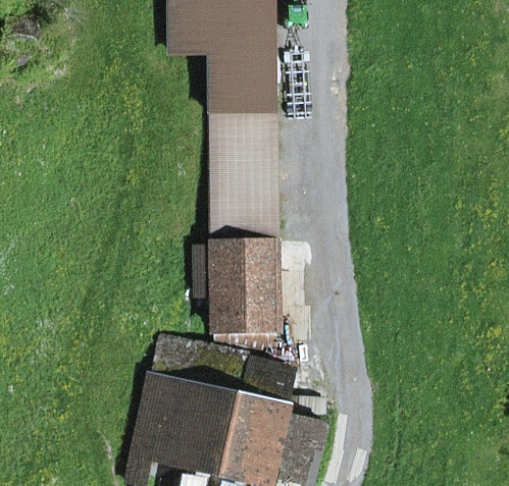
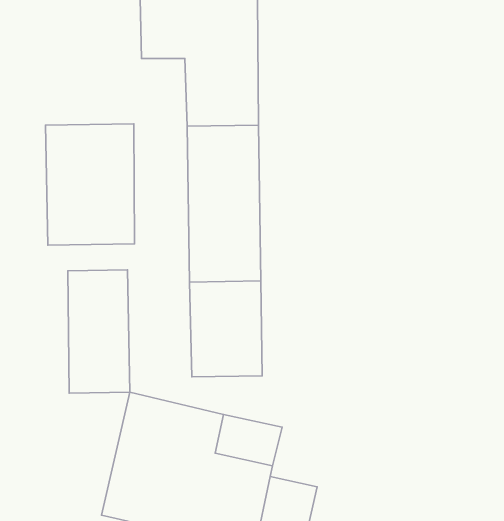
building: none -> [45,124,135,245]
building: none -> [68,270,130,393]

